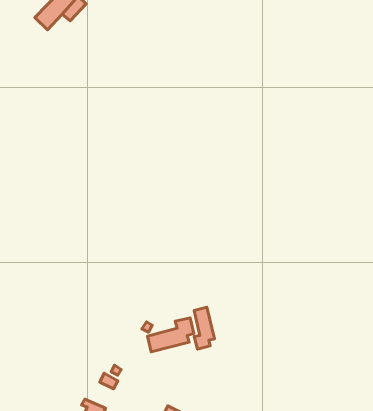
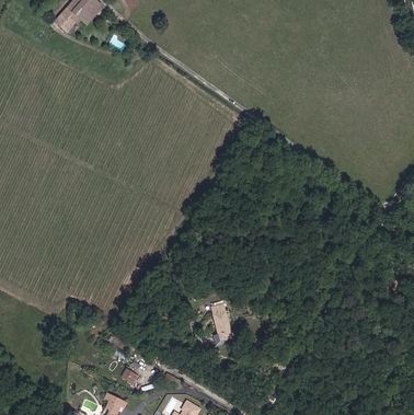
building: [148,318,194,352] -> none

